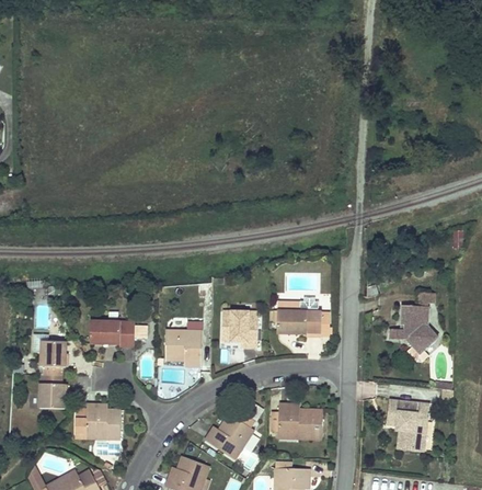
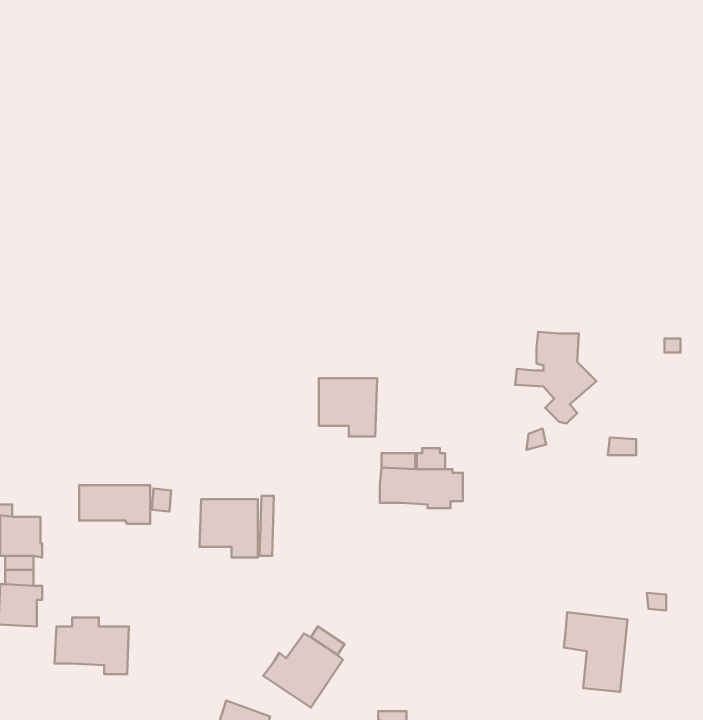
building: [390,305,440,362] -> [515,332,596,424]
building: [221,312,257,349] -> [319,378,377,436]
building: [278,406,322,438] -> none

